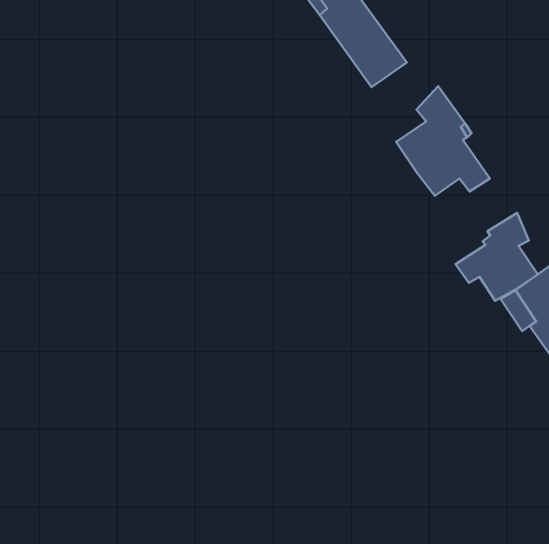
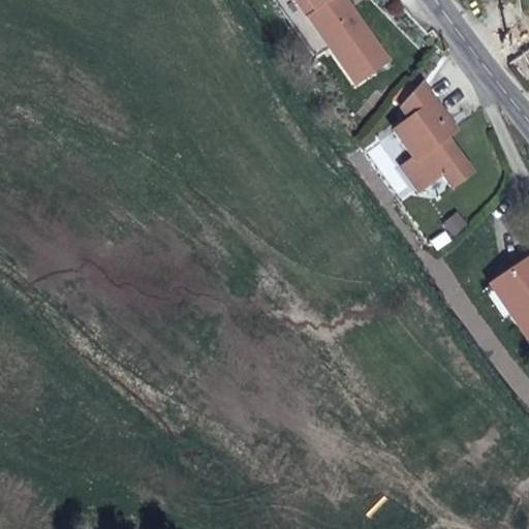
building: [456,213,538,301] -> none

